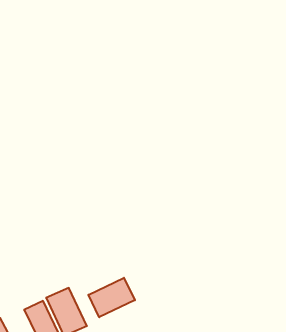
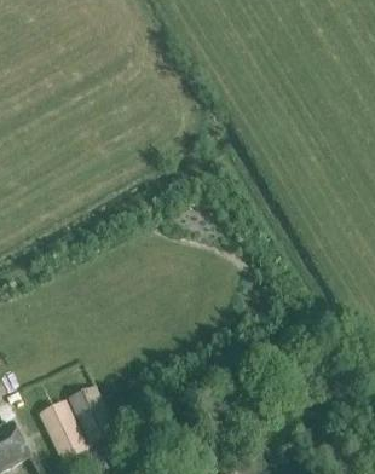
building: [88,278,135,317] -> none

